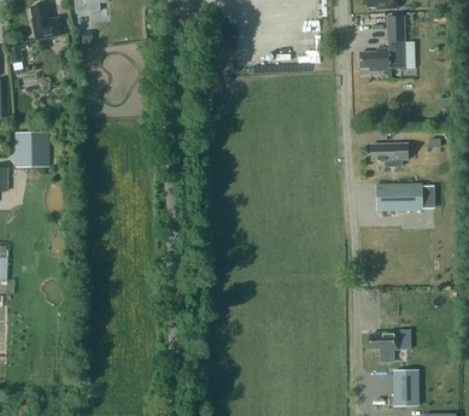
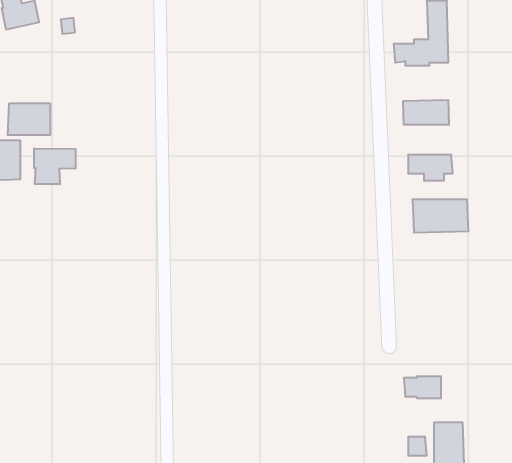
building: none -> [403,100,449,125]
building: none -> [8,103,50,135]
building: none -> [34,148,75,184]

